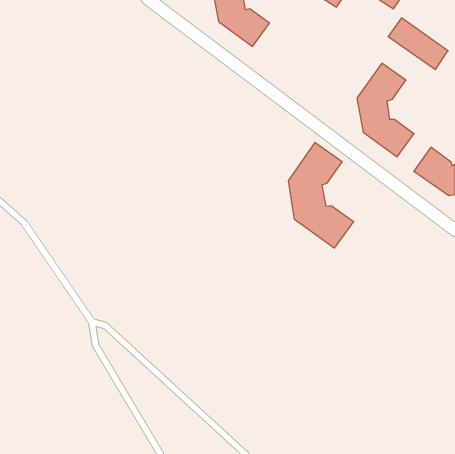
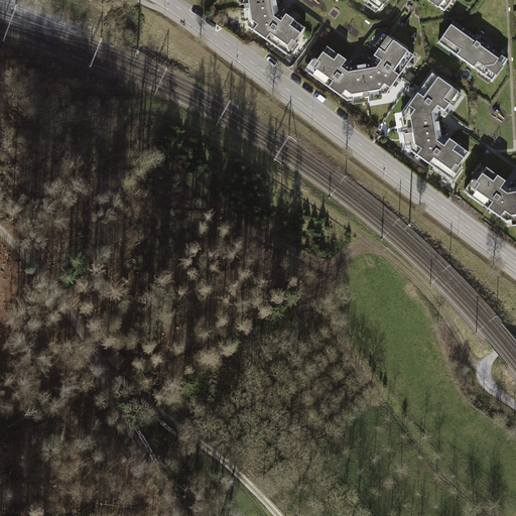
building: none -> [307,34,414,100]
building: [288,142,354,248] -> none

